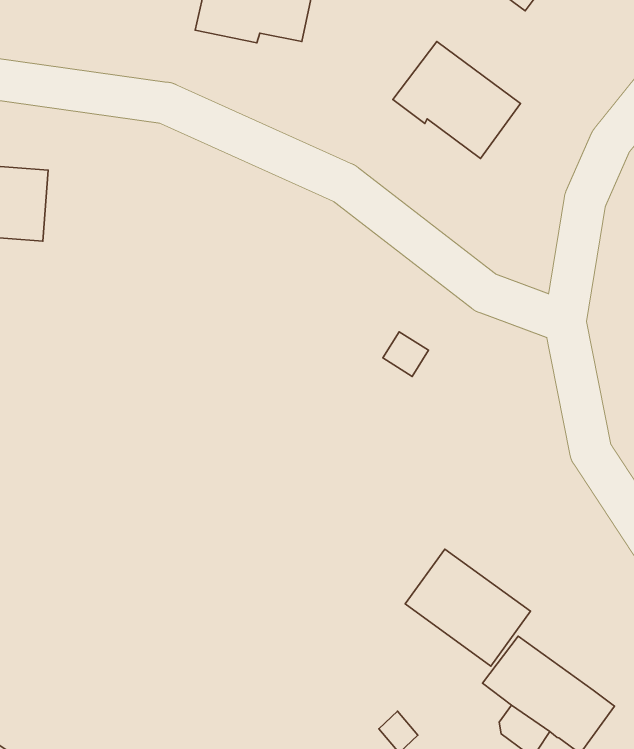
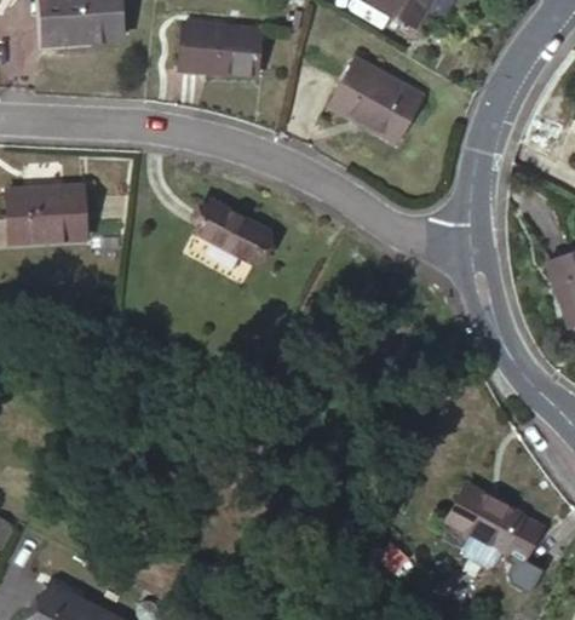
building: none -> [195,199,270,258]
building: [405,549,531,666] -> none

